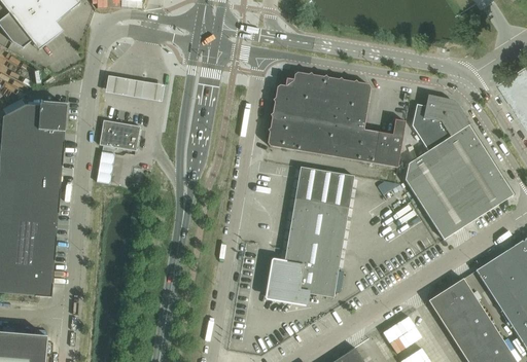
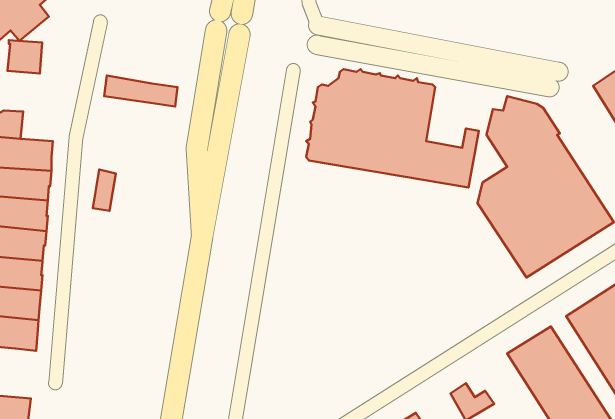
building: [39,103,67,130] -> [8,40,42,74]
building: [100,119,140,150] -> none
building: [268,167,354,302] -> none

